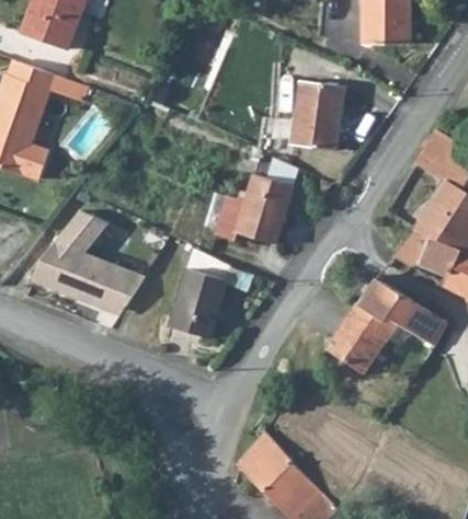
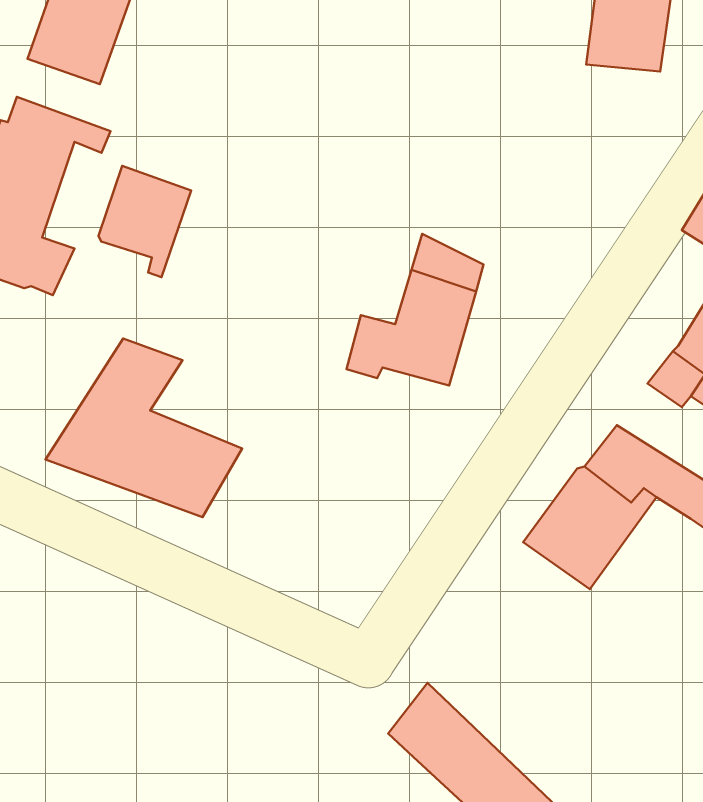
building: [288,82,341,151] -> none
building: none -> [99,166,191,277]
building: [164,251,226,341] -> none

